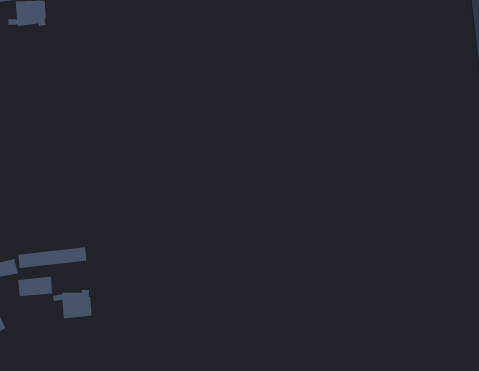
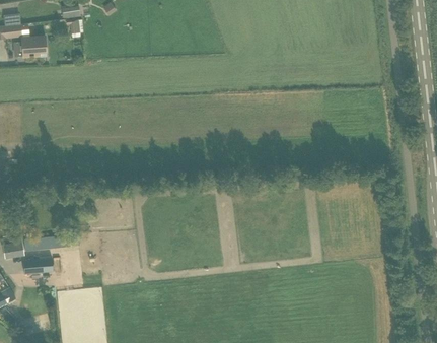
building: [53,289,92,319] -> none

